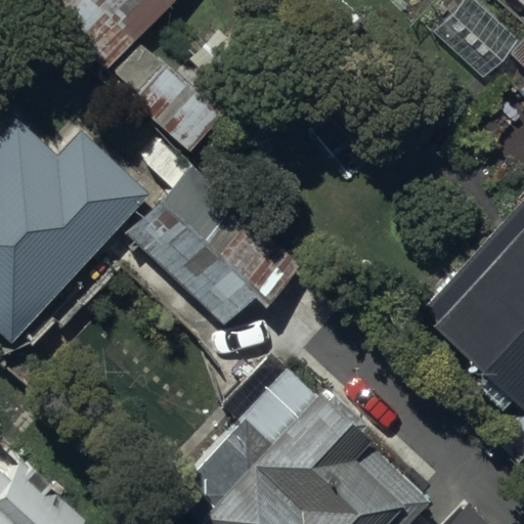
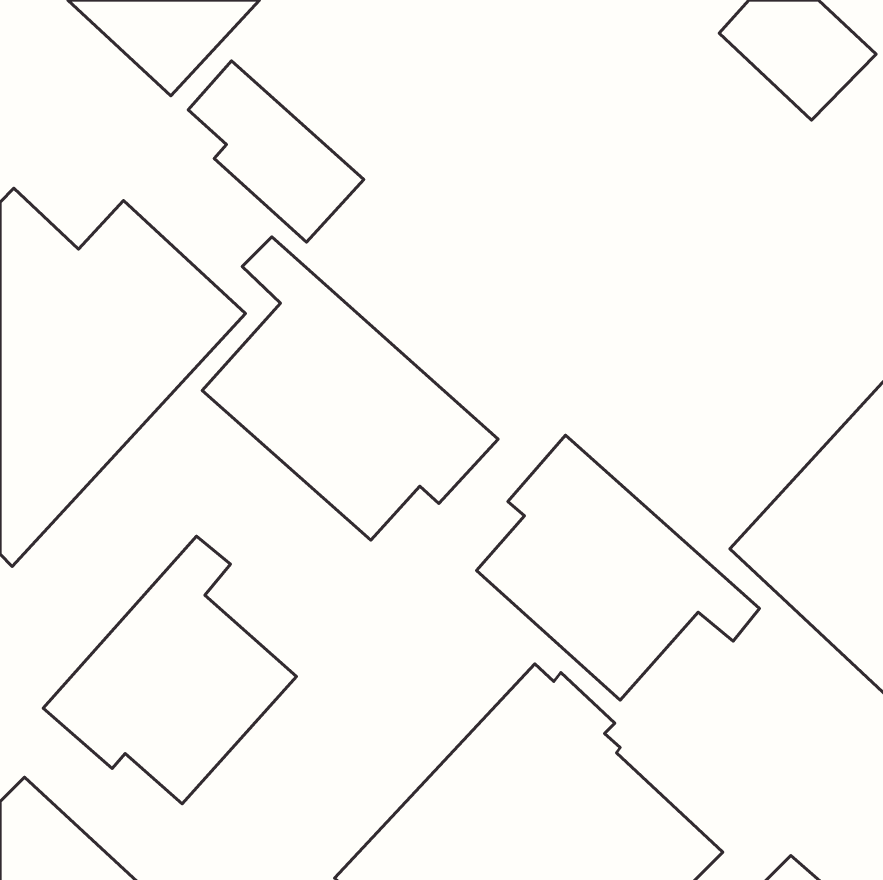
building: none -> [476,435,760,700]
building: none -> [43,536,297,804]

